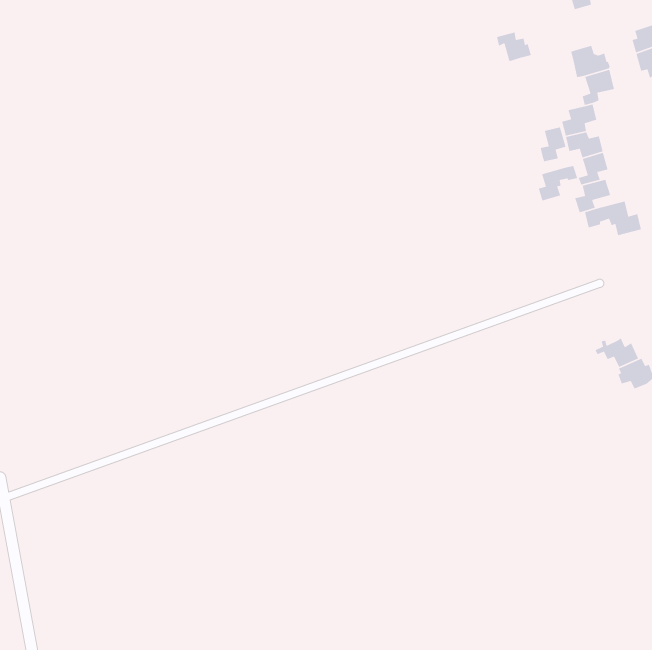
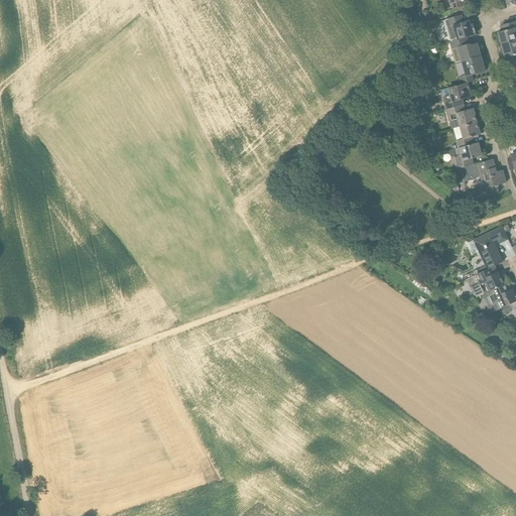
building: [496,31,532,62] -> [447,14,476,38]
building: [540,126,566,162] -> none
building: [538,165,578,201] -> none
building: none -> [474,225,509,268]

